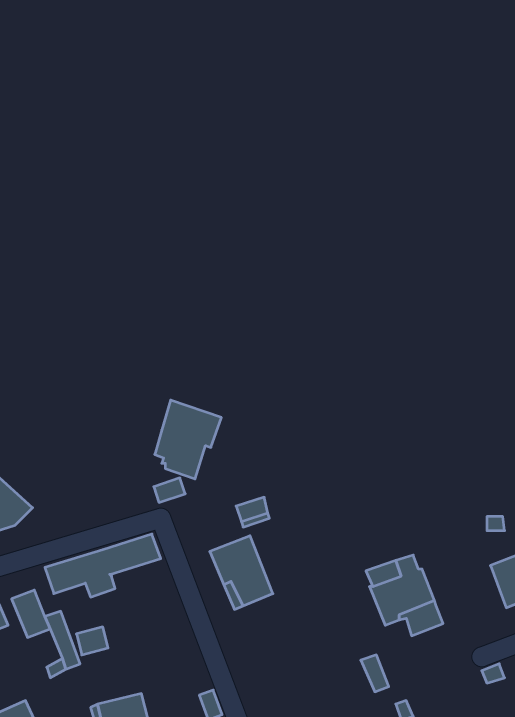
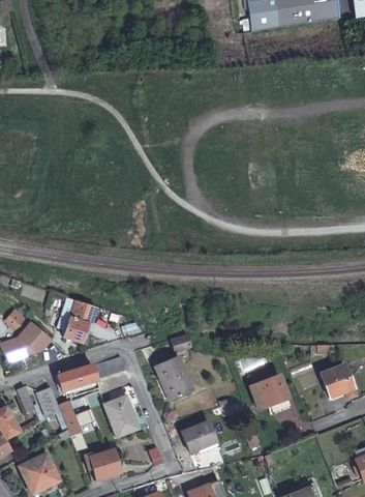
building: [155,400,221,479] -> [58,295,97,342]
building: none -> [104,394,139,437]
building: none -> [182,420,217,451]

